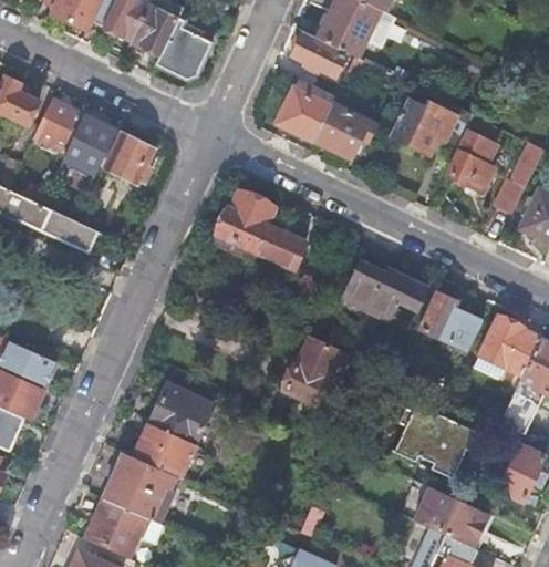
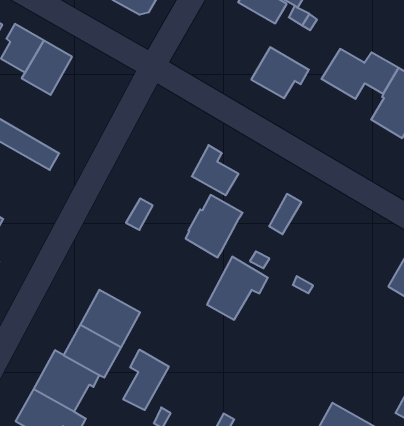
building: [277,79,334,141] -> none
building: [104,135,152,184] -> none
building: [215,193,274,260] -> [186,195,243,257]
building: [360,270,426,318] -> none
building: [421,293,481,351] -> none
building: [389,401,476,477] -> none
building: none -> [123,350,169,410]

